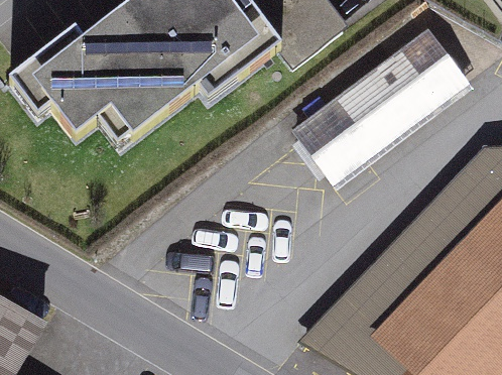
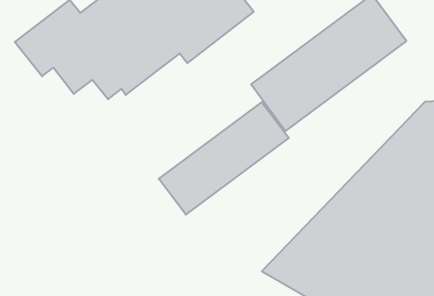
building: none -> [159,102,289,215]

